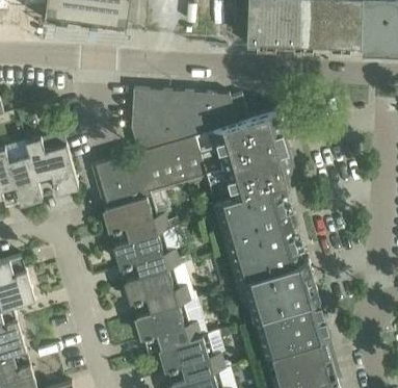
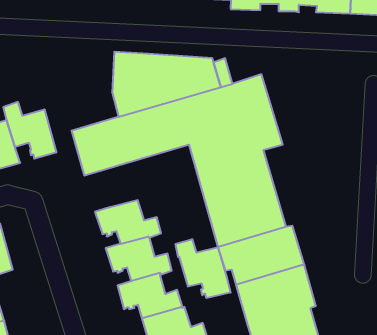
building: [105,197,170,240] -> none
building: none -> [176,239,231,298]

